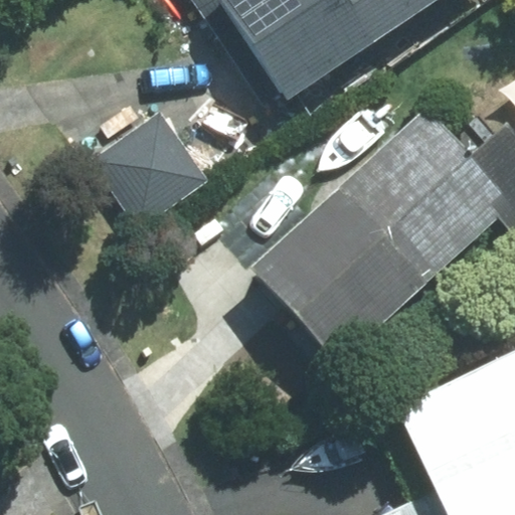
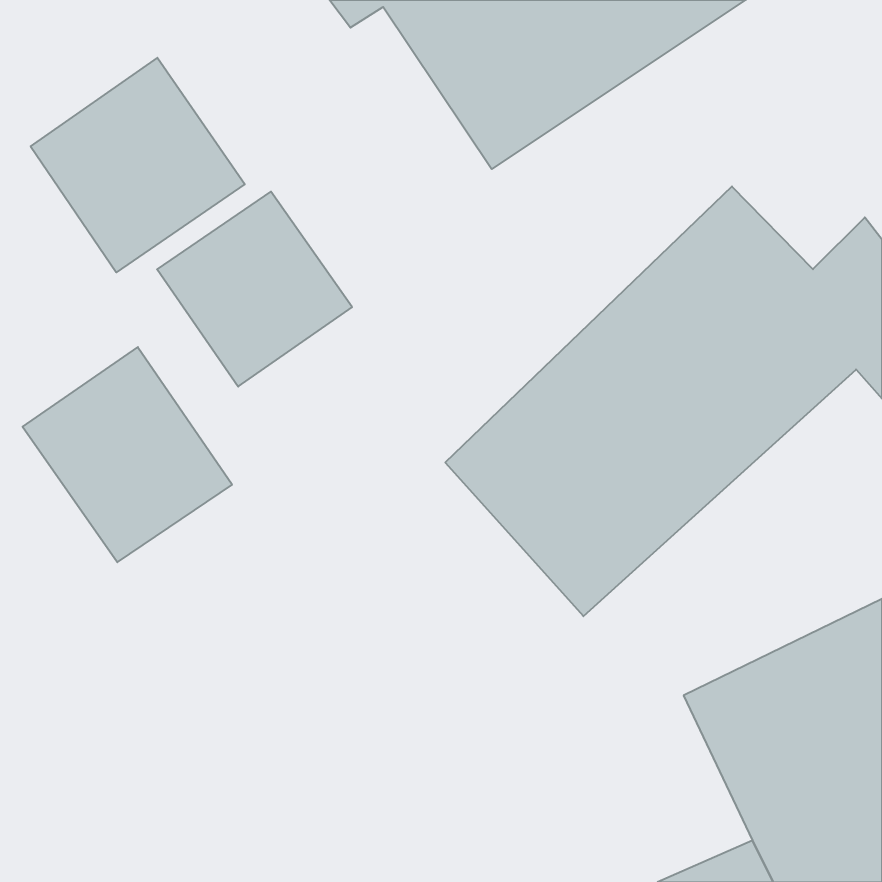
building: none -> [31,58,245,272]
building: none -> [23,347,232,562]

